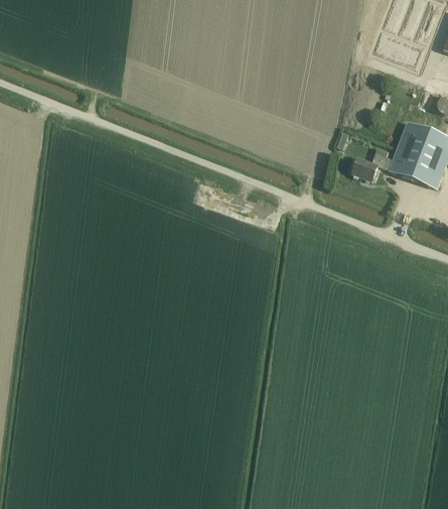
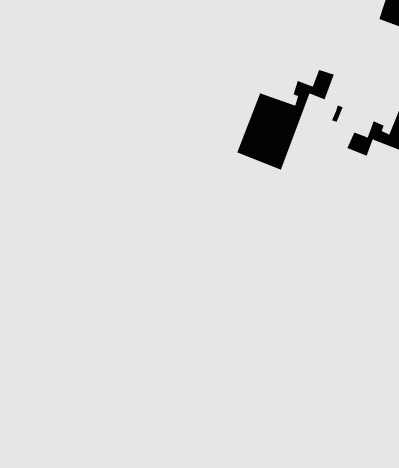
building: none -> [237,69,334,170]

